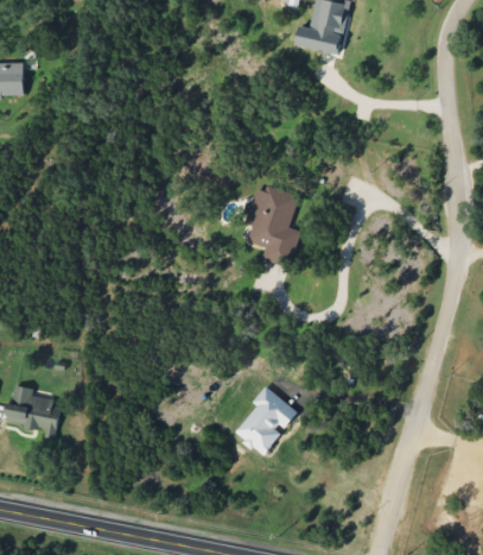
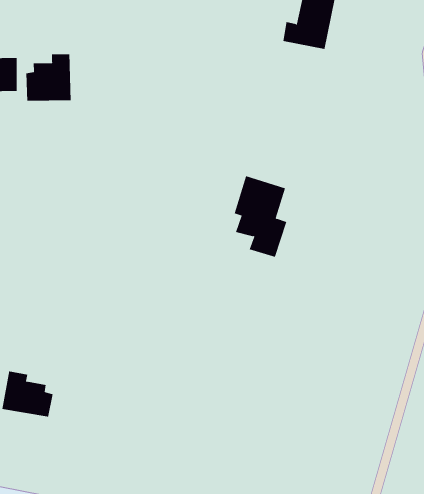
building: none -> [26,54,71,101]
building: [235,385,297,455] -> none

